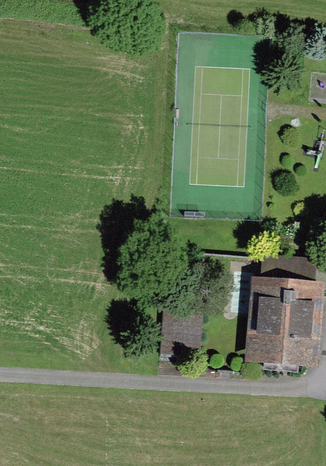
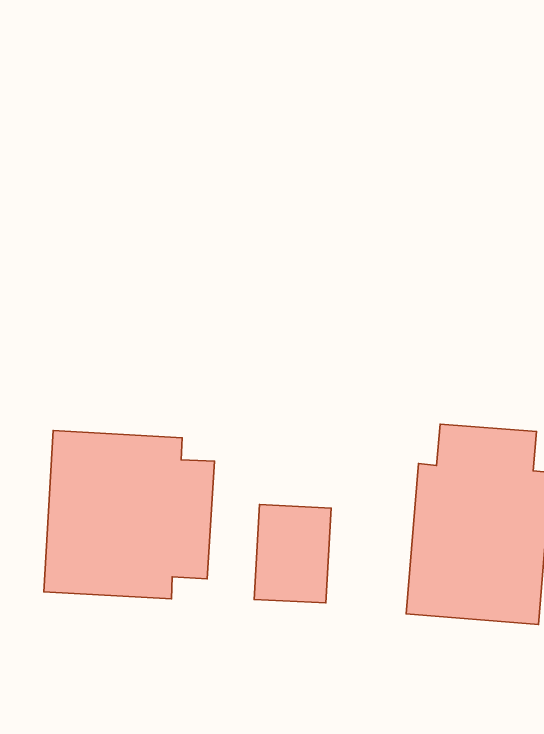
building: none -> [44,431,215,599]

